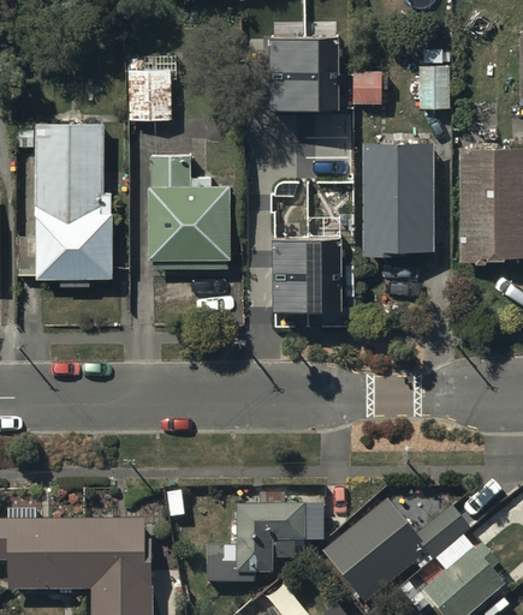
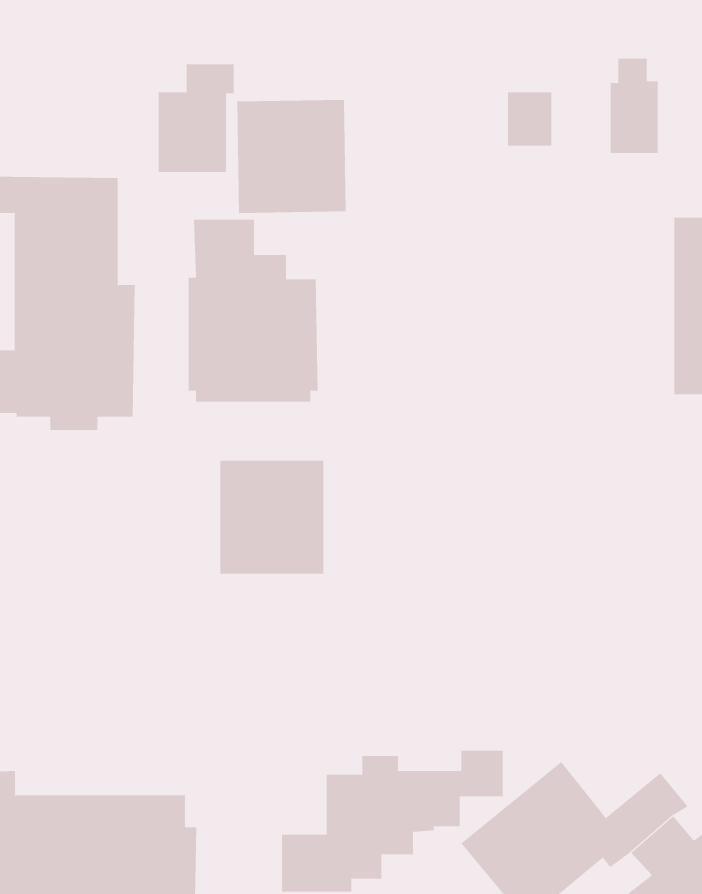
building: [268,34,339,107] -> [236,99,347,213]
building: [363,141,433,257] -> none
building: [272,237,339,310] -> [220,460,324,574]

